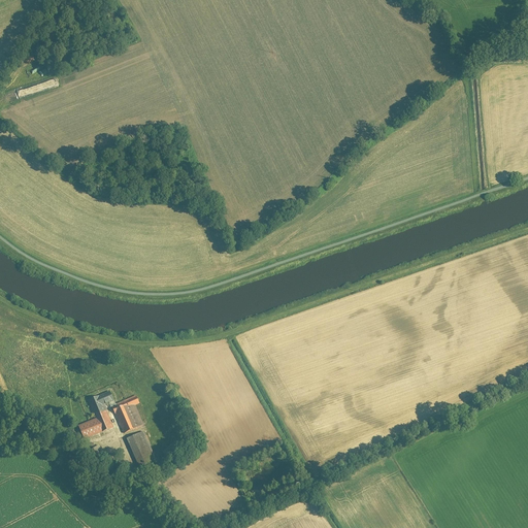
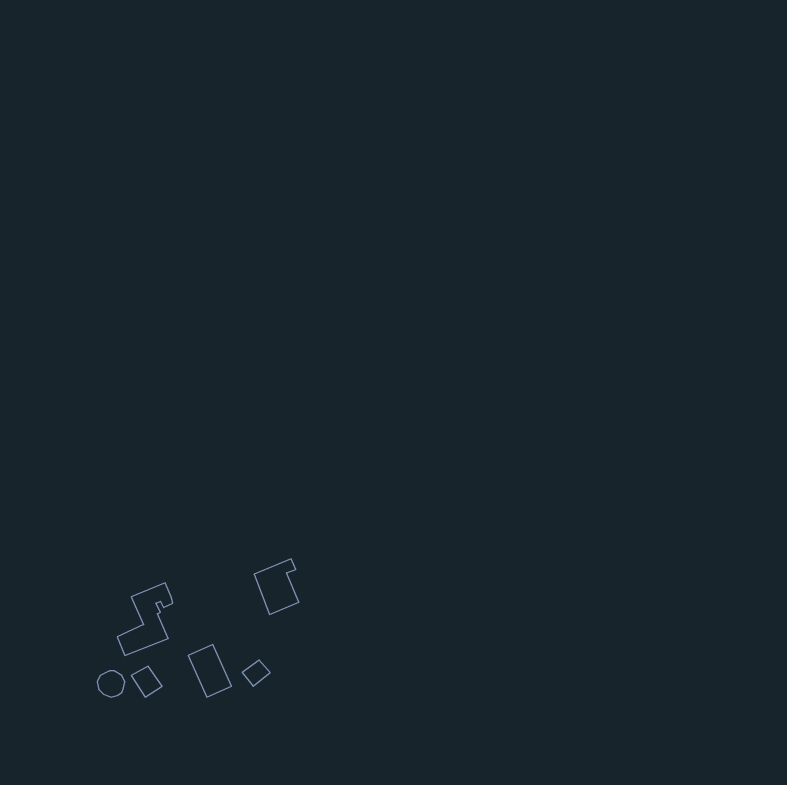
building: [113,396,143,433] -> [254,559,299,614]

